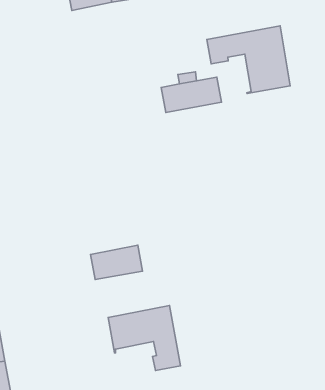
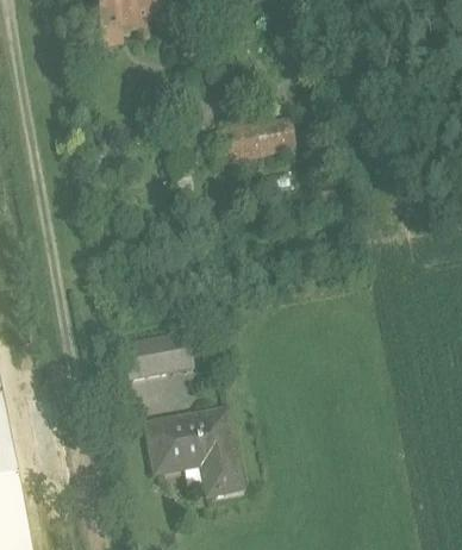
building: [207,26,290,94] -> none

